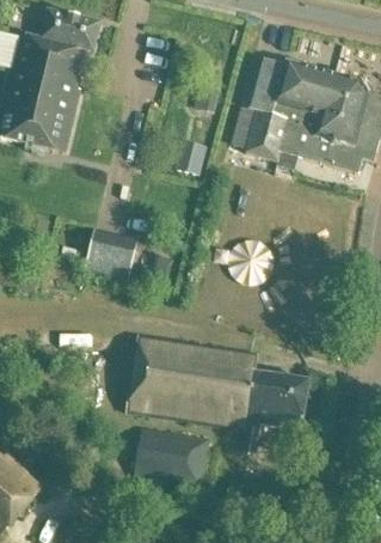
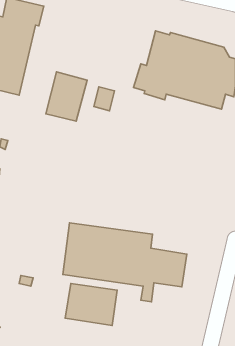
building: none -> [46,72,87,121]
building: [82,226,136,280] -> none

